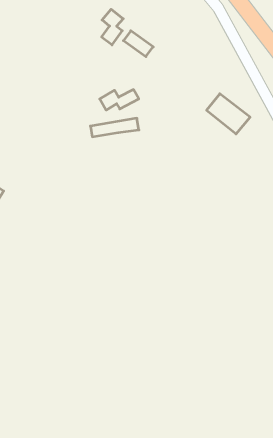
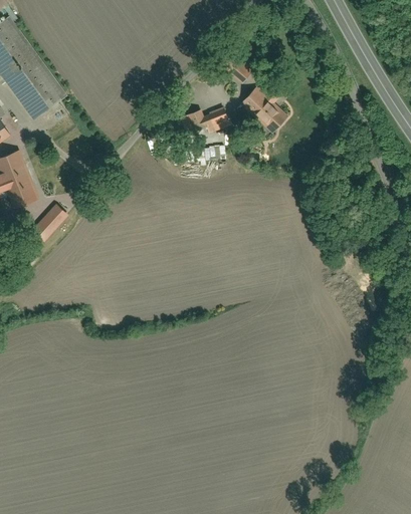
building: [102,9,123,45] -> none
building: [207,94,250,134] -> [240,86,287,133]

